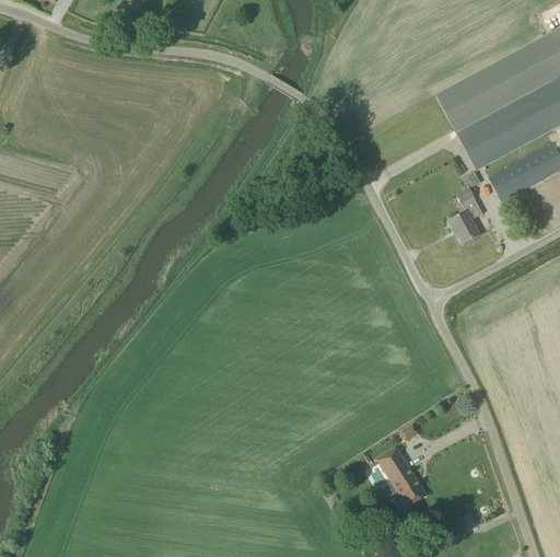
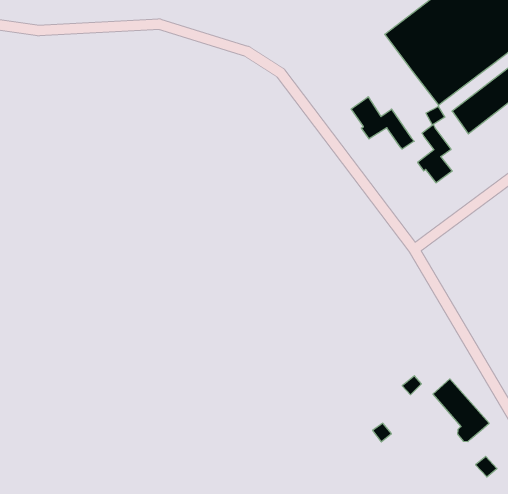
building: none -> [351,97,414,149]
building: [377,446,427,509] -> [433,379,489,442]

